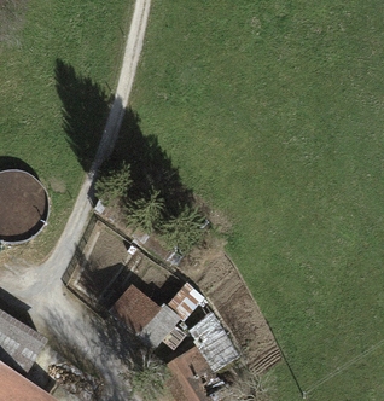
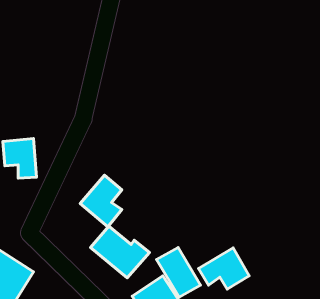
building: none -> [80,175,122,227]
building: none -> [198,248,249,289]

